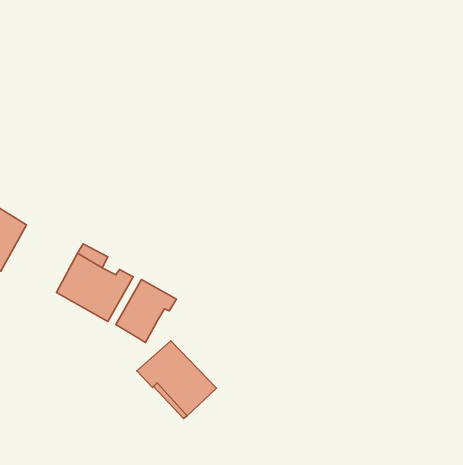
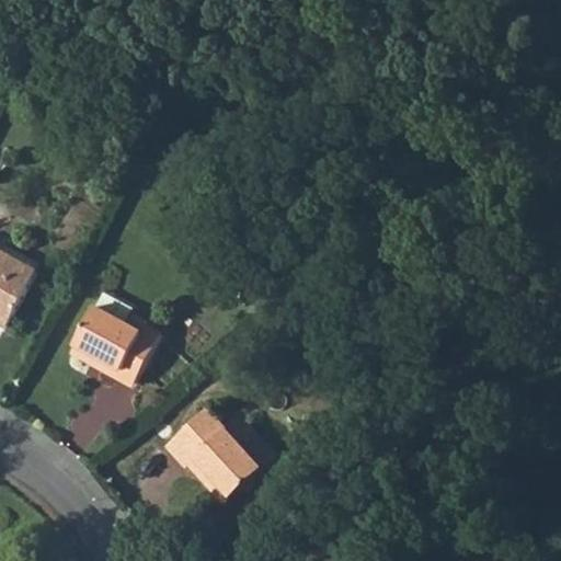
building: [116,279,176,343] -> none

